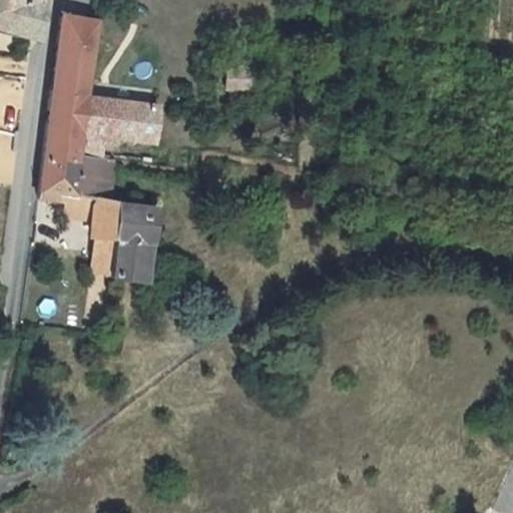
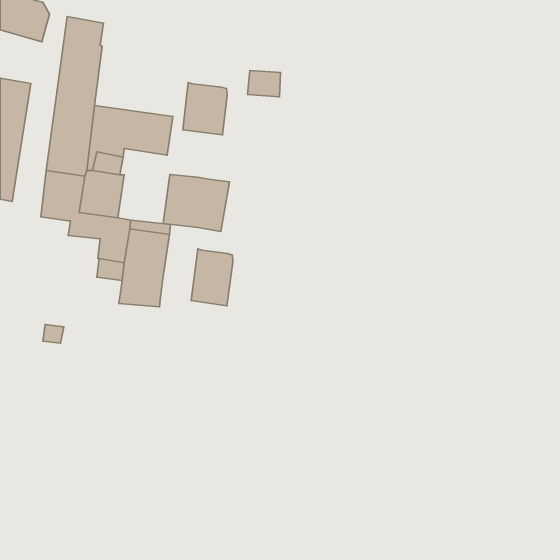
building: none -> [183,83,227,135]
building: none -> [163,175,229,231]
building: none -> [191,249,233,306]

